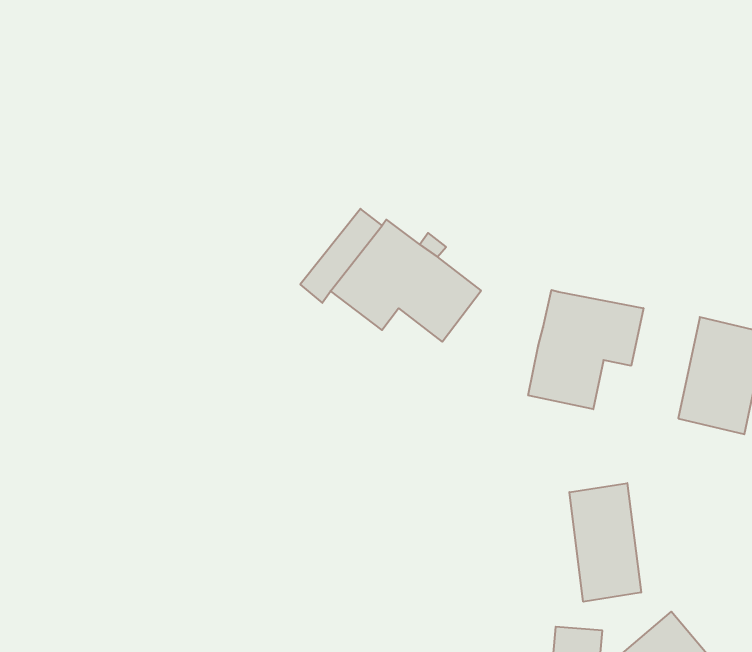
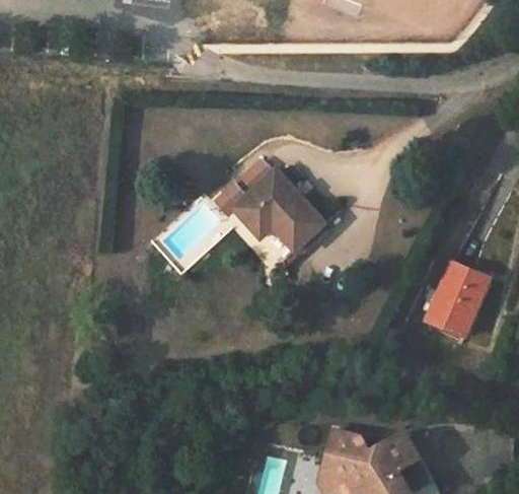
building: [528,290,643,409] -> none
building: [569,483,641,602] -> none

